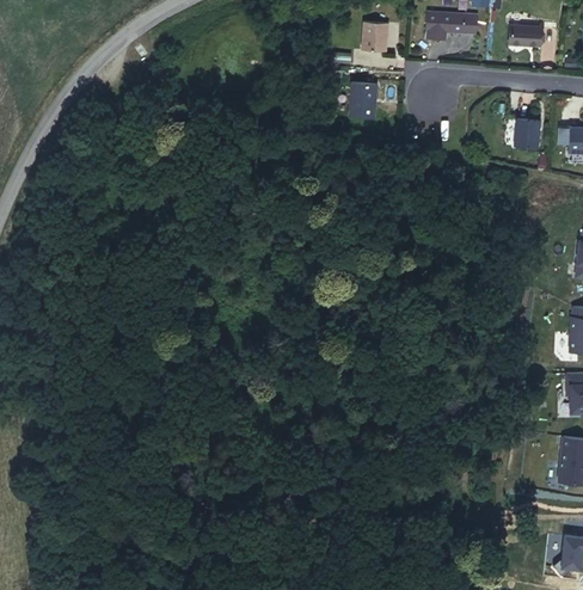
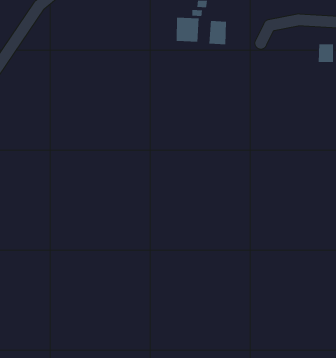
building: none -> [176,17,199,42]

